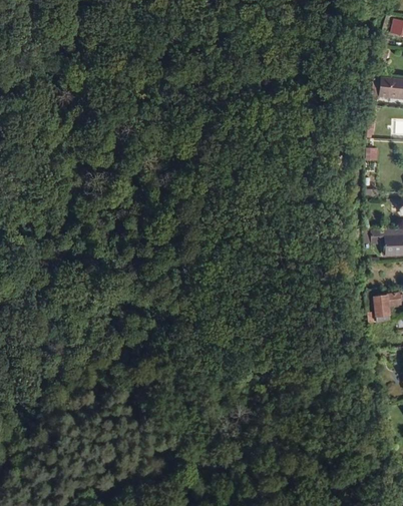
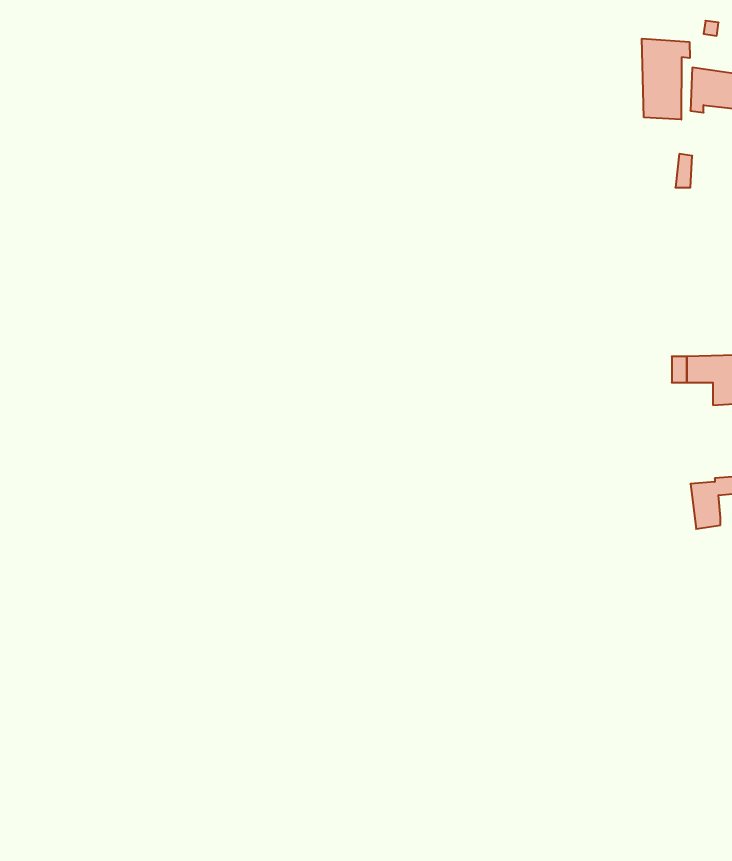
building: none -> [642,39,690,120]

